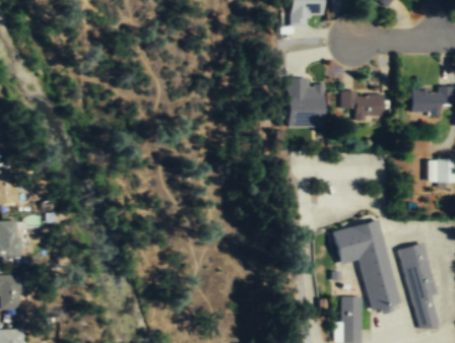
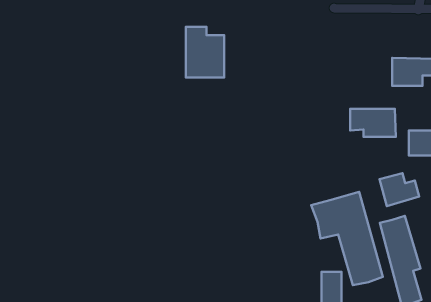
building: [286,77,324,127] -> [186,27,224,78]
building: [340,91,385,119] -> [350,109,396,137]
building: none -> [380,173,419,206]

